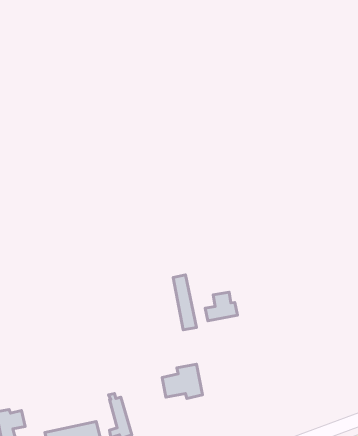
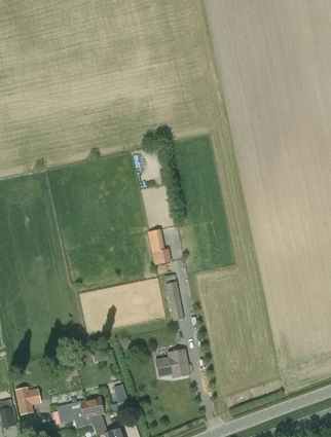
building: none -> [148,228,172,264]
building: [205,292,238,321] -> none

